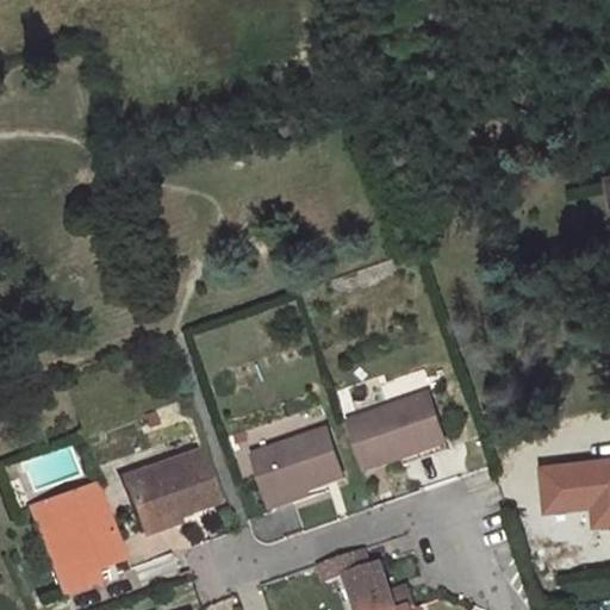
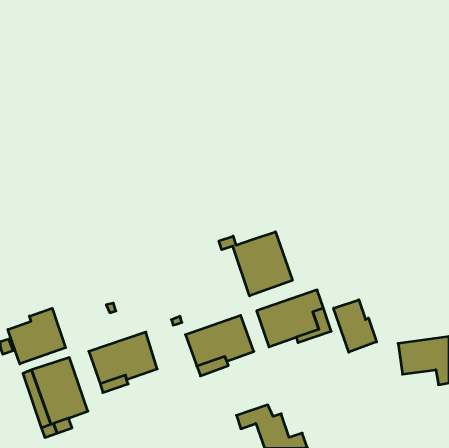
building: none -> [219,232,292,296]
building: none -> [334,300,377,352]
building: none -> [8,308,66,364]

